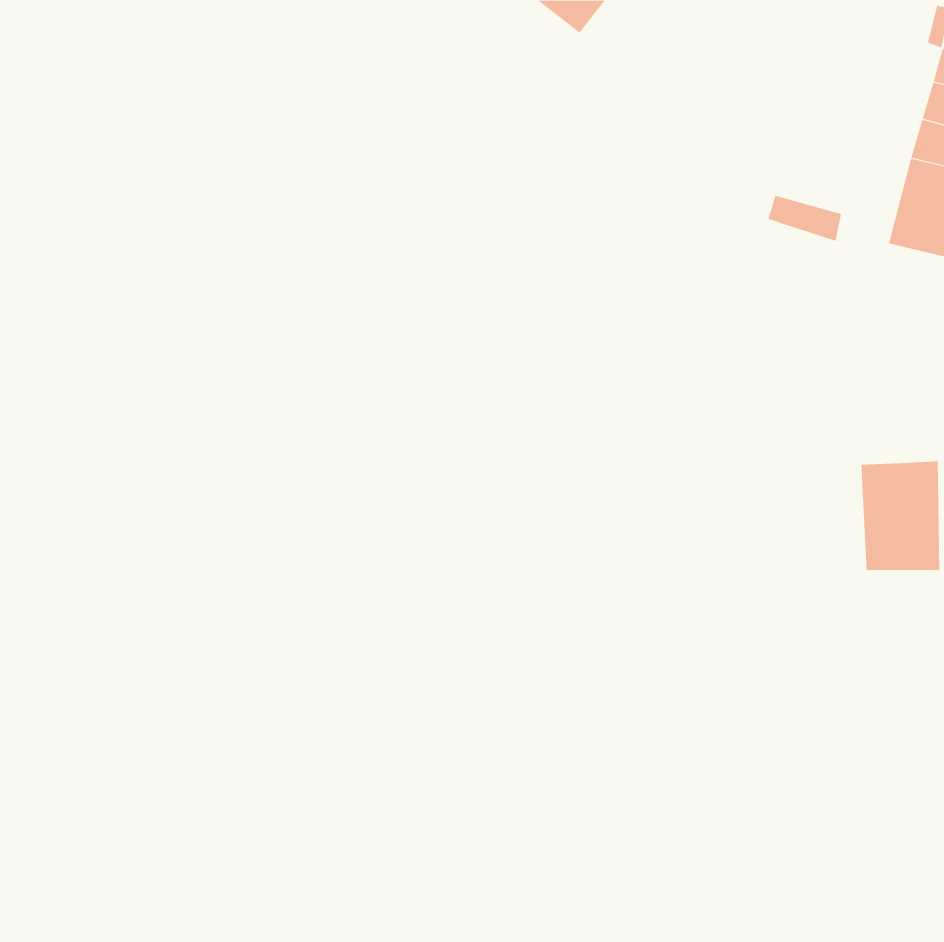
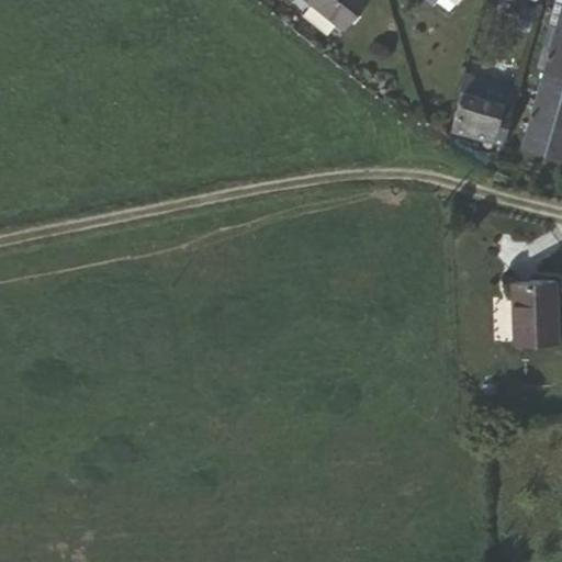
building: none -> [459,95,509,131]

